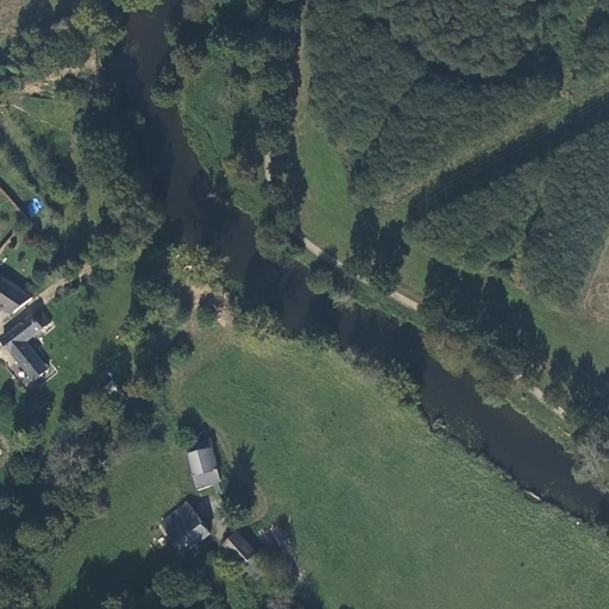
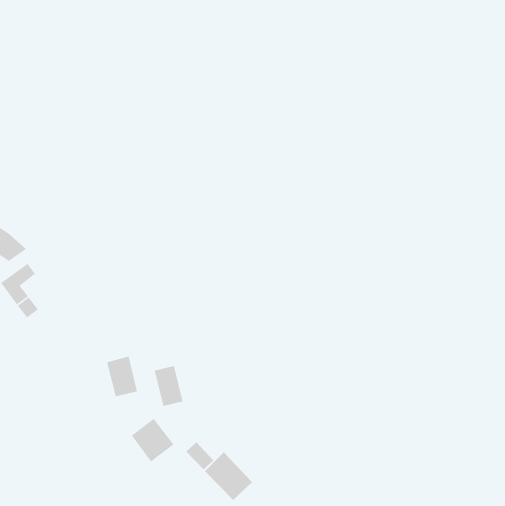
building: none -> [106,356,138,397]
building: none -> [204,452,253,501]

